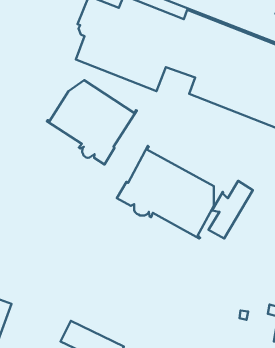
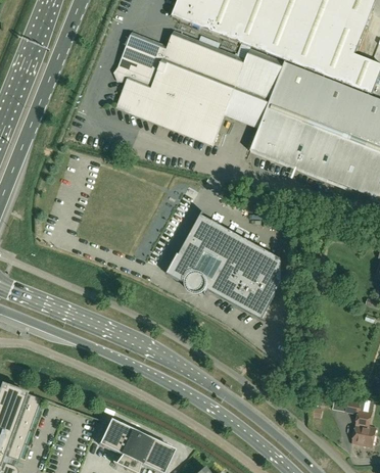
building: [47,80,137,164] -> none
building: [209,181,253,239] -> none

